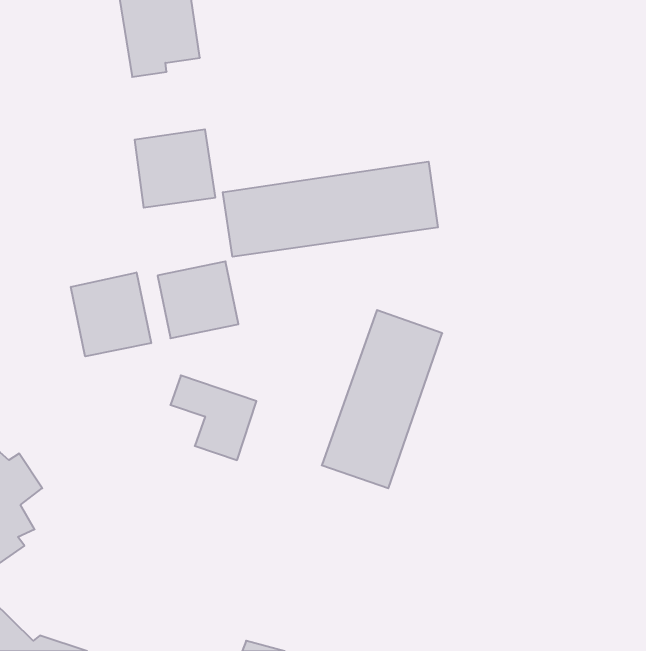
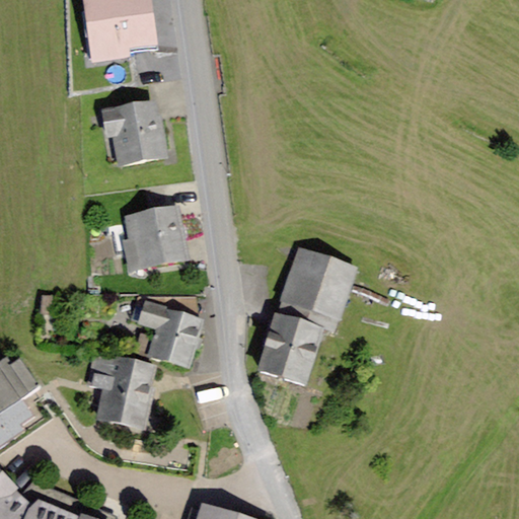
building: [223,162,438,257] -> none
building: [71,272,151,356] -> none
building: none -> [85,353,154,433]

